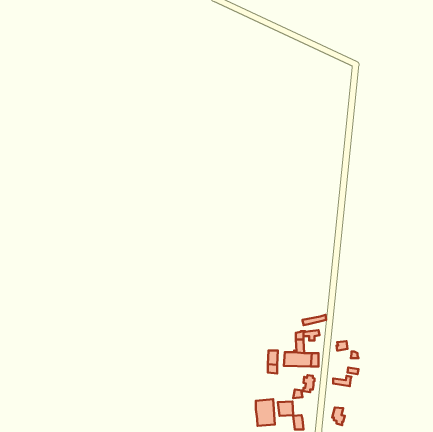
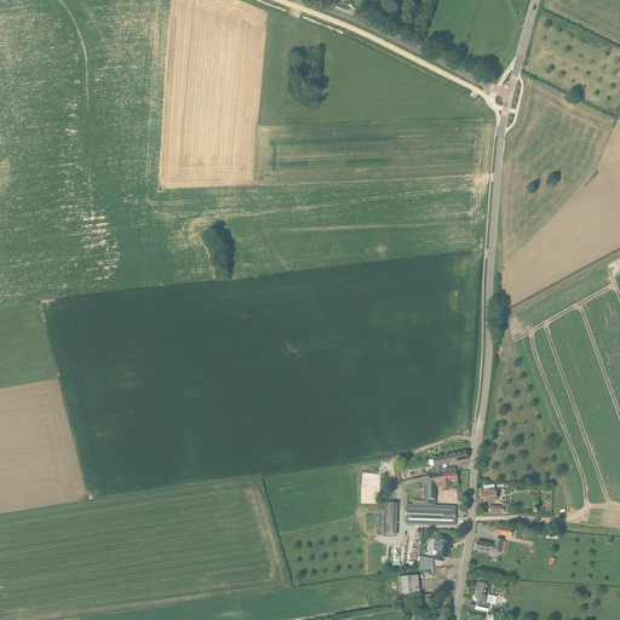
building: [256,399,275,426] -> none

